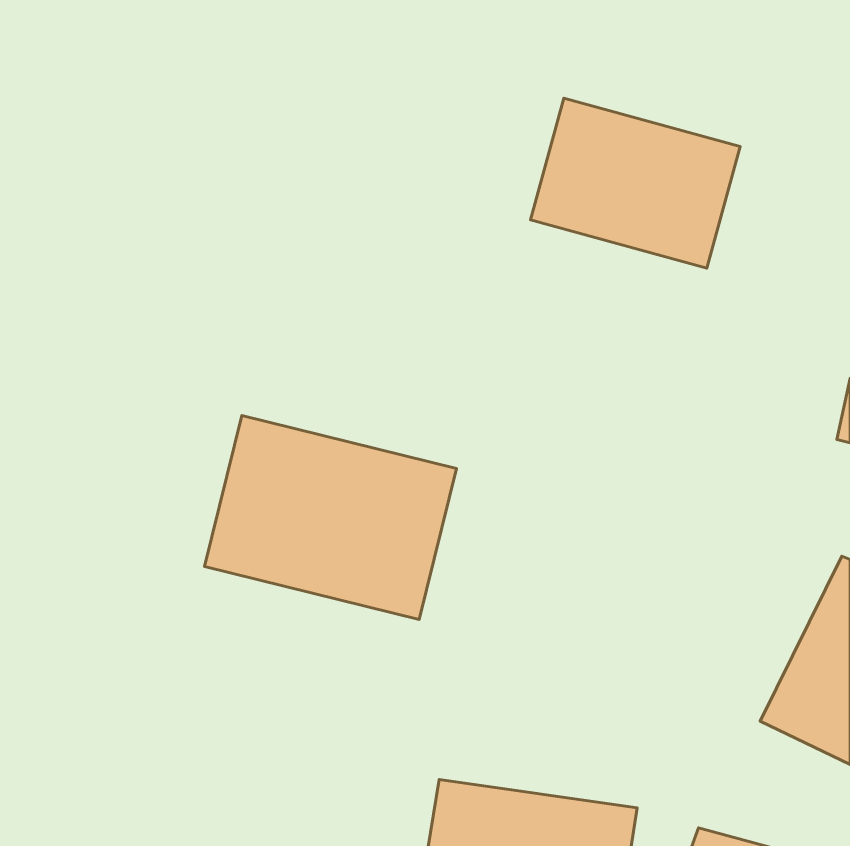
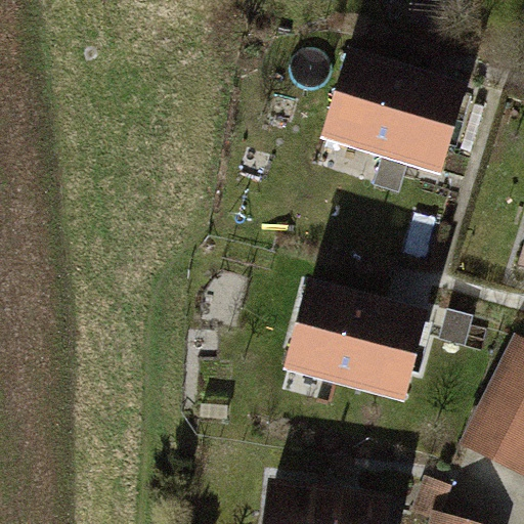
building: [205,415,456,619] -> none
building: none -> [290,294,416,394]

